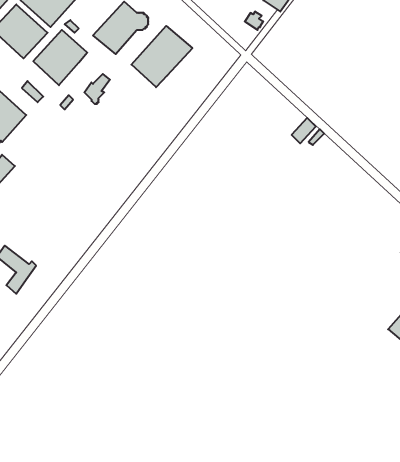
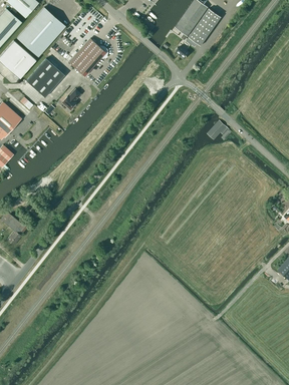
building: [131,26,192,87] -> none

